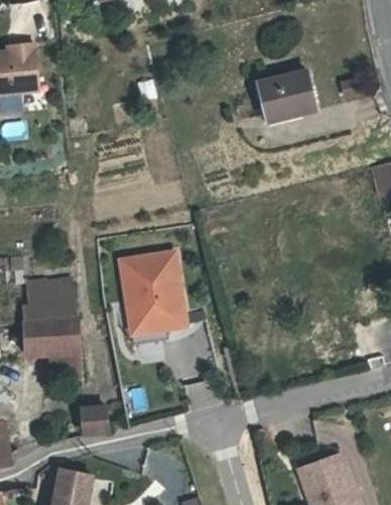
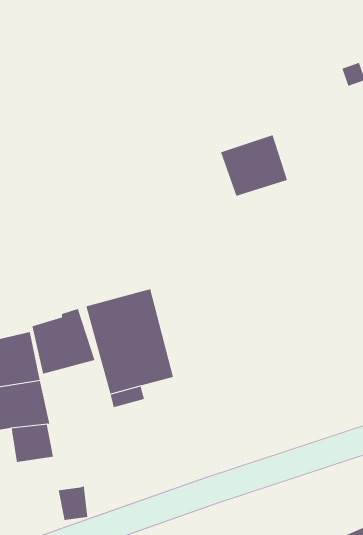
building: [260,72,313,120] -> [220,134,288,197]
building: none -> [32,308,95,375]

